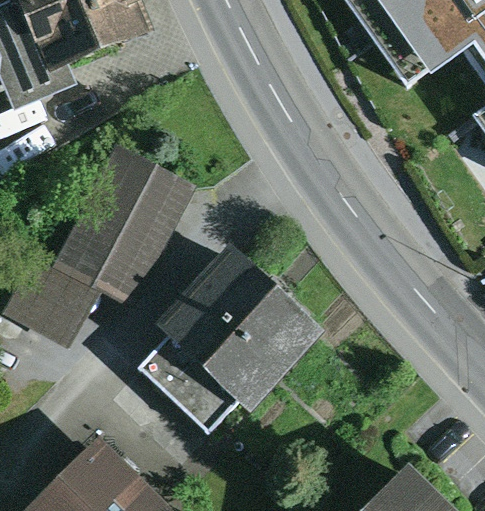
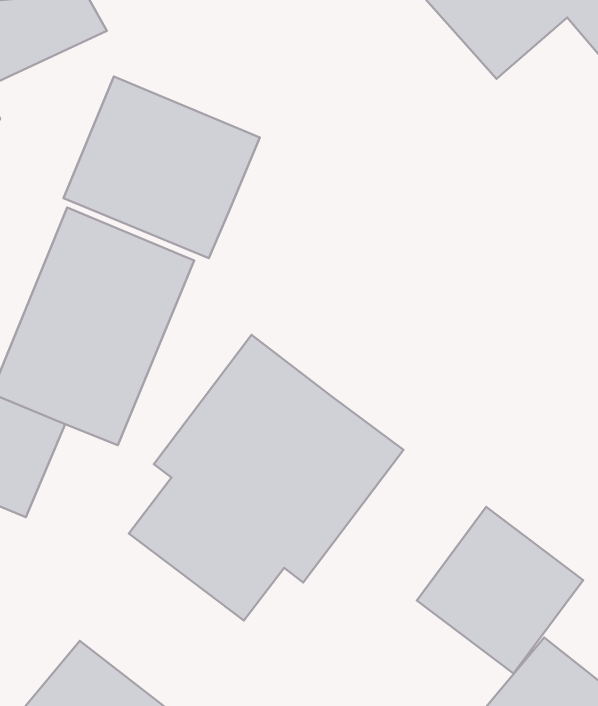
building: none -> [64,76,260,258]
building: none -> [417,507,583,674]

